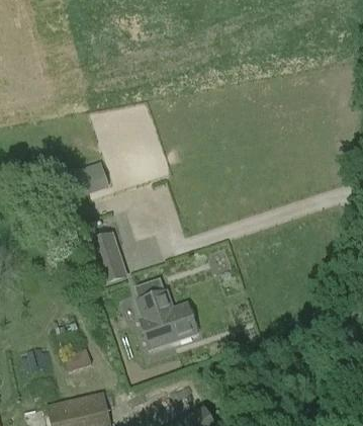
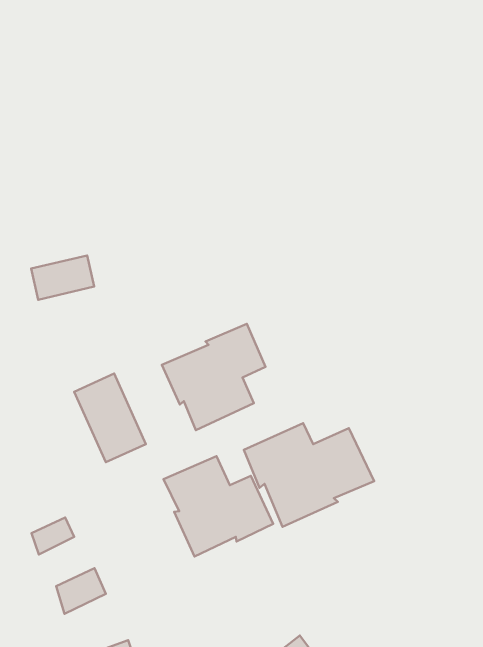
building: none -> [162,324,266,430]
building: none -> [244,423,374,527]

